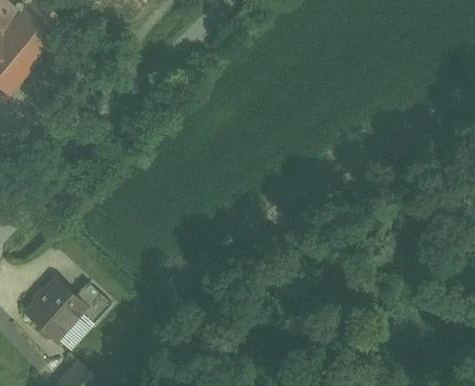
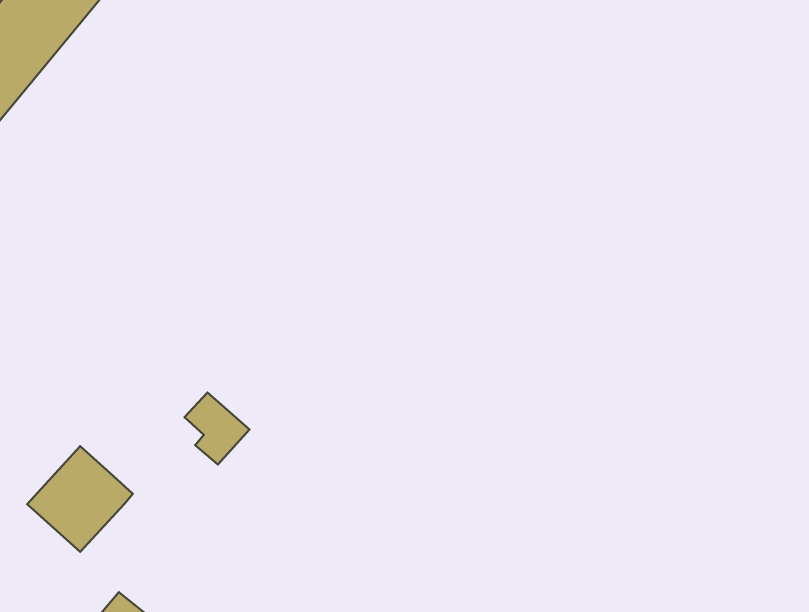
building: [72,282,109,323] -> [184,392,250,465]

